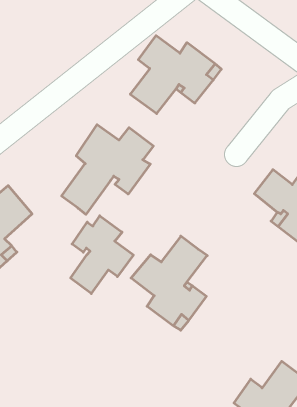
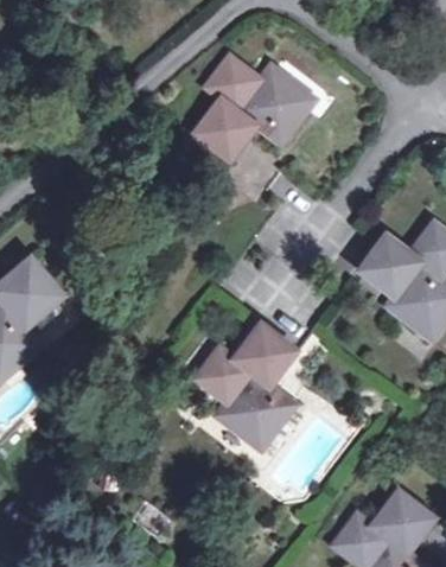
building: [62,125,153,214] -> none
building: [71,216,133,294] -> none

